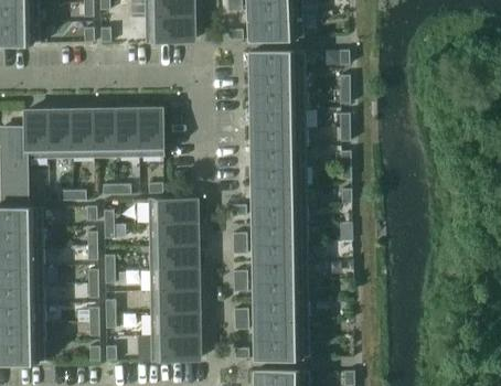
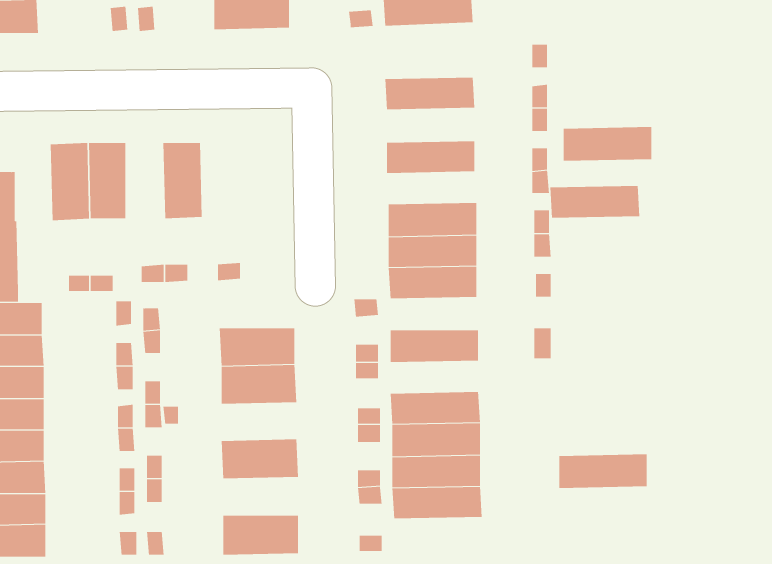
building: [249,50,303,71] -> none
building: [250,88,305,109] -> [563,127,652,161]
building: [138,108,162,154] -> none
building: [93,109,116,156] -> none
building: [23,110,47,157] -> none
building: [250,127,306,147] -> [549,185,640,218]
building: [149,197,195,222] -> none
building: [253,203,307,223] -> none
building: [253,242,307,261] -> none
building: [150,267,196,290] -> none
building: [151,312,198,335] -> none
building: [255,336,309,357] -> [559,454,648,488]

